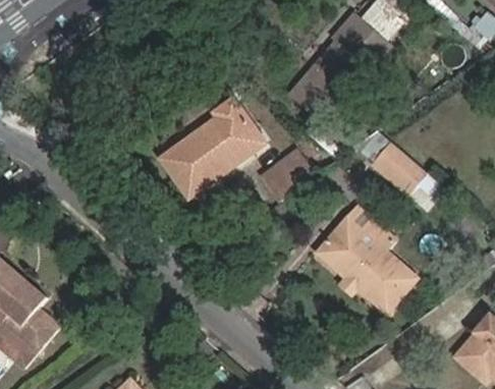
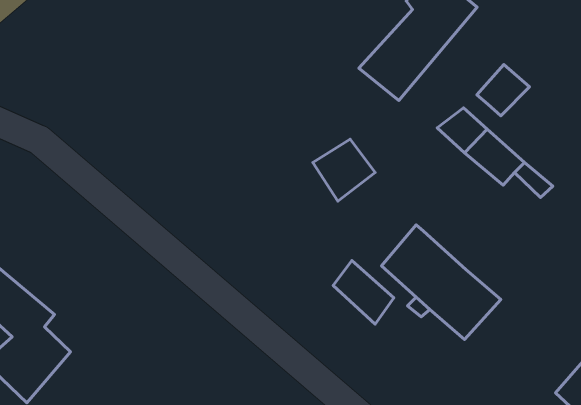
building: none -> [477,65,529,116]
building: [155,98,253,193] -> none
building: [348,206,398,258] -> [333,261,394,324]

